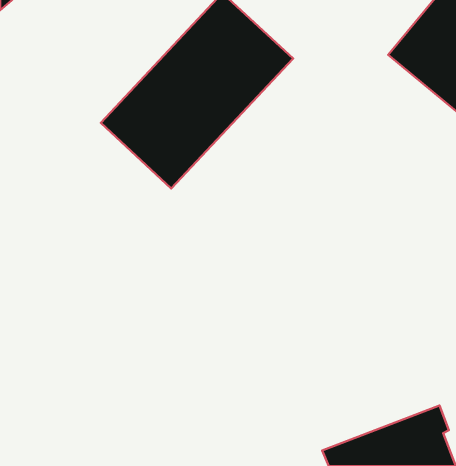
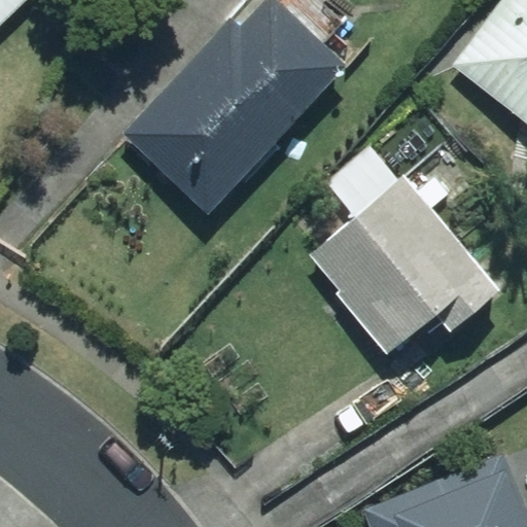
building: none -> [315,148,494,352]

